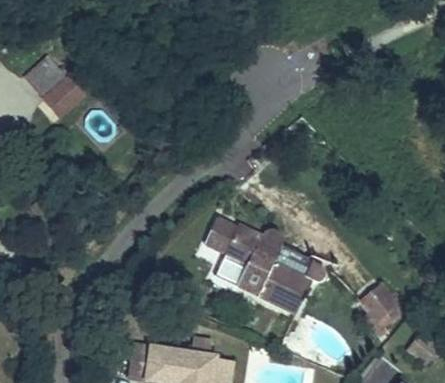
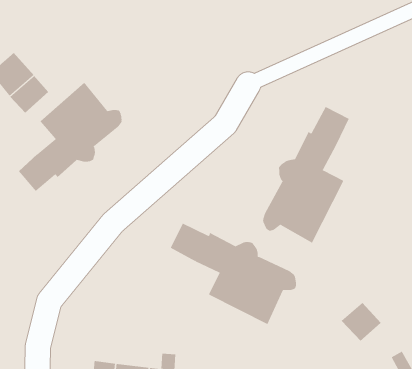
building: none -> [18,82,122,192]
building: none -> [263,106,349,243]

